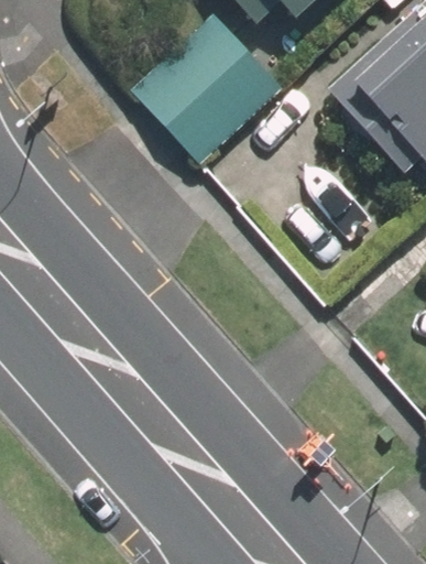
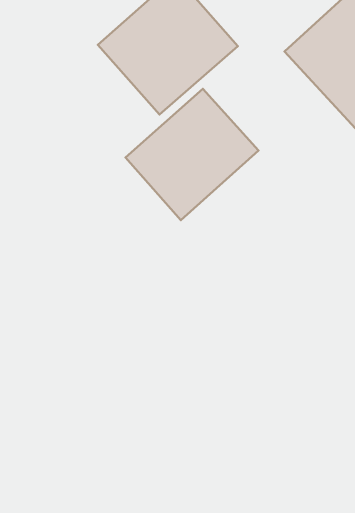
building: none -> [125,89,259,220]

